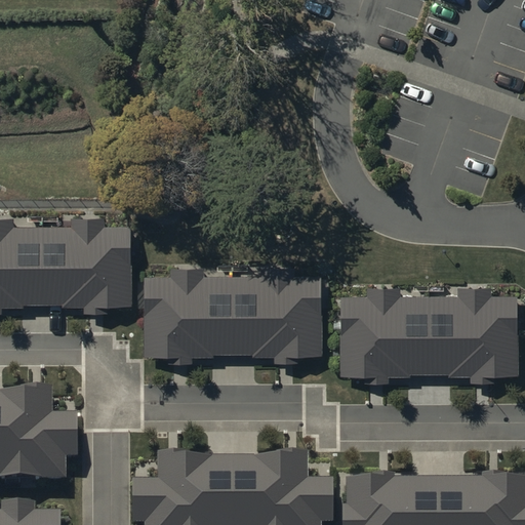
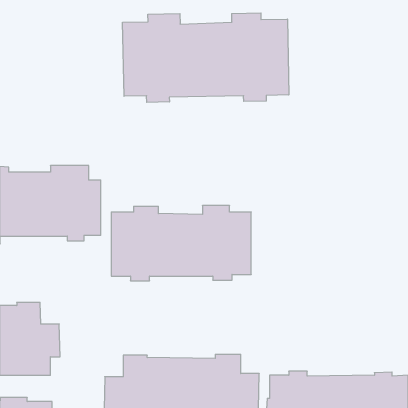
building: none -> [123,13,289,102]
building: [339,286,516,380] -> none

